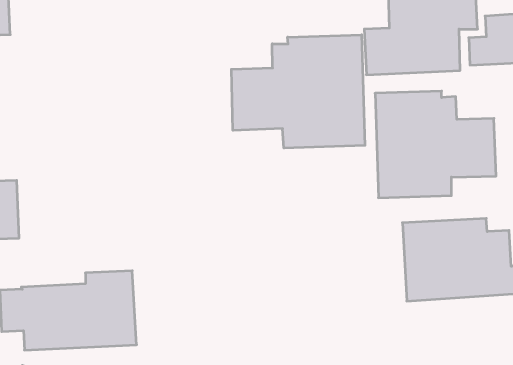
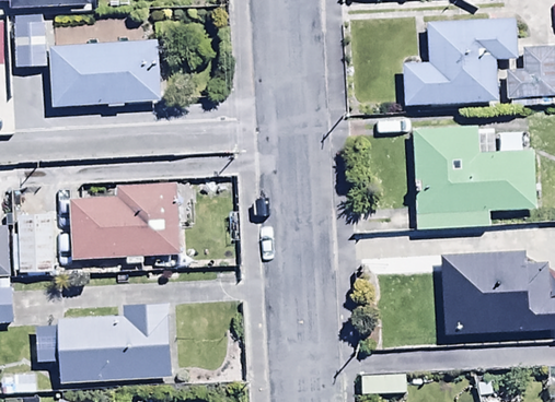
building: none -> [49,38,165,106]
building: [231,35,365,148] -> none
building: none -> [69,184,181,262]

